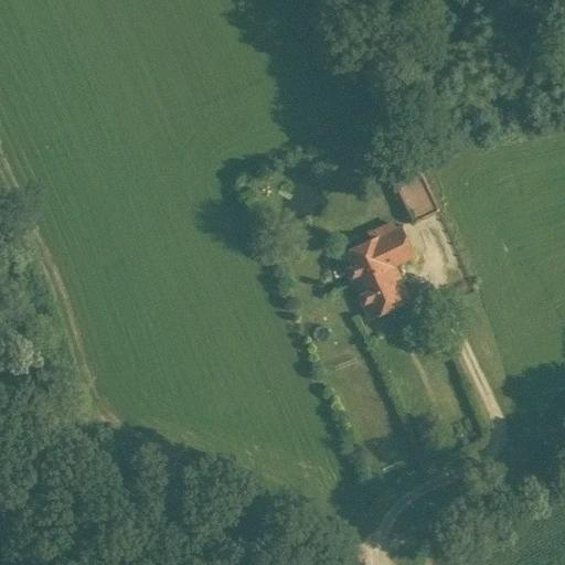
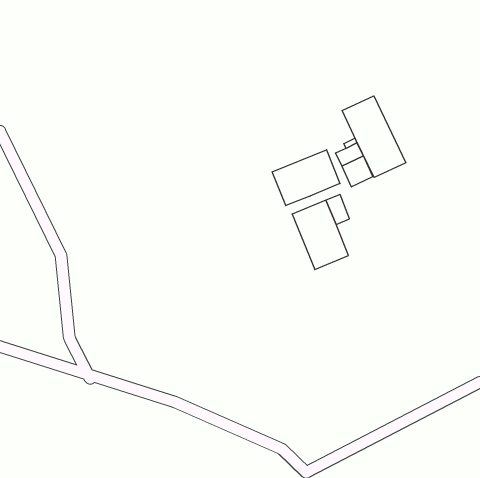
building: none -> [342,96,406,177]
building: none -> [272,150,340,206]

